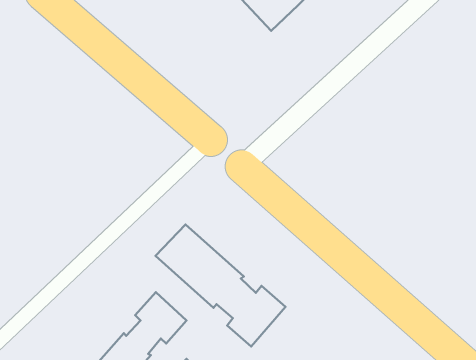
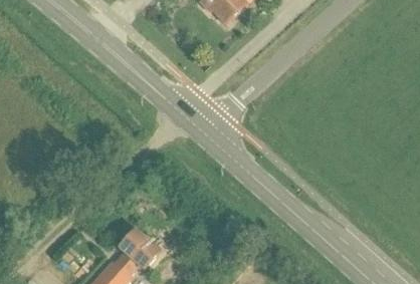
building: [156,225,285,347] -> none

